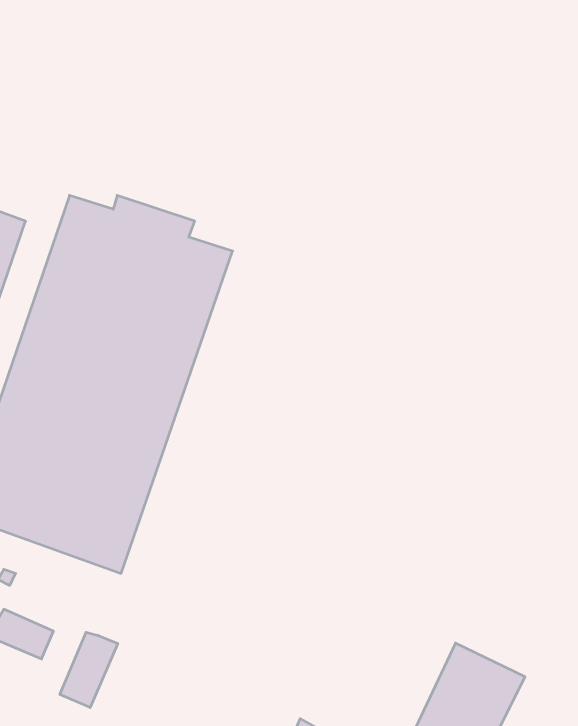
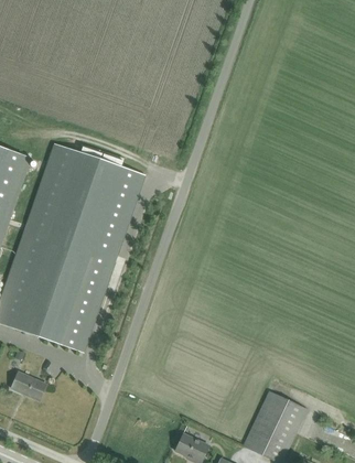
building: [60,632,118,708] -> none

